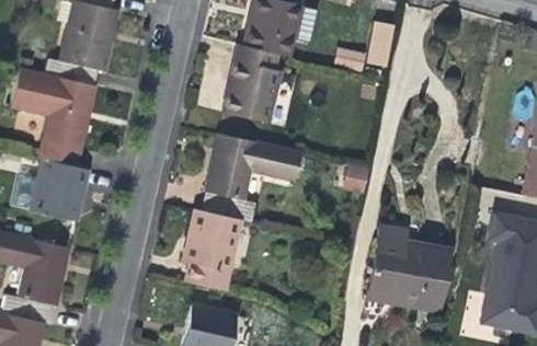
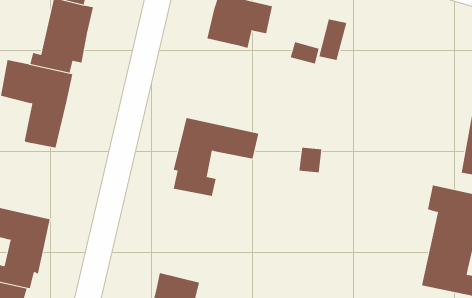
building: [221,44,279,120] -> none
building: [32,160,87,218] -> none
building: [182,209,238,290] -> none
building: [367,228,444,309] -> none

